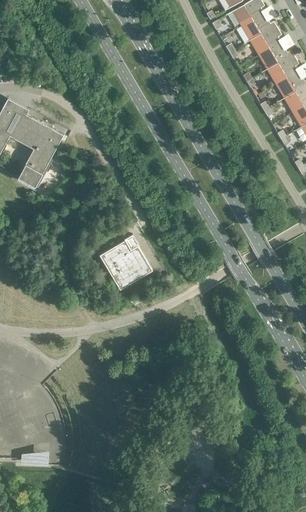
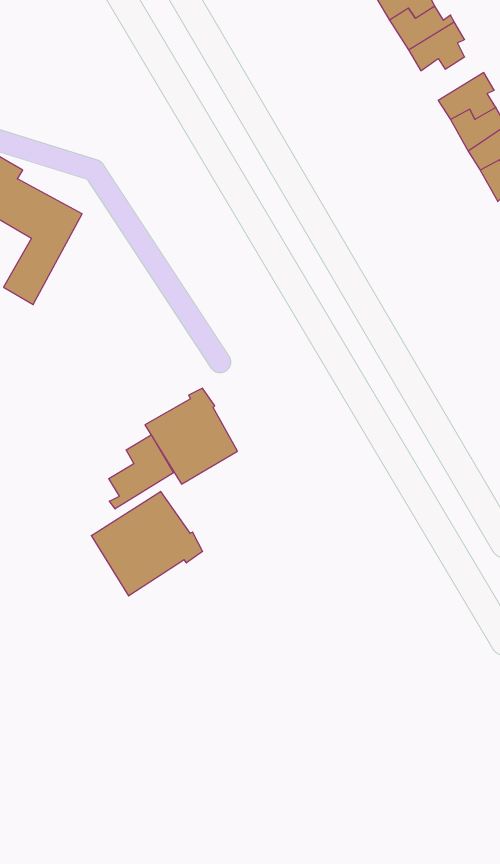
building: [257,45,293,70] -> none
building: none -> [109,435,173,509]
building: none -> [91,491,203,596]

